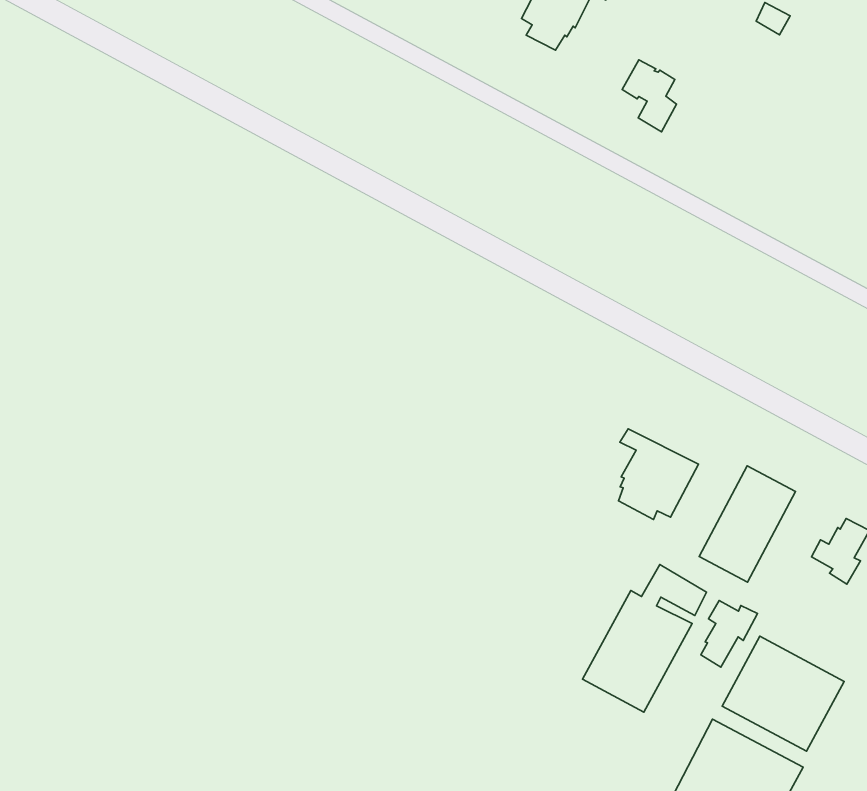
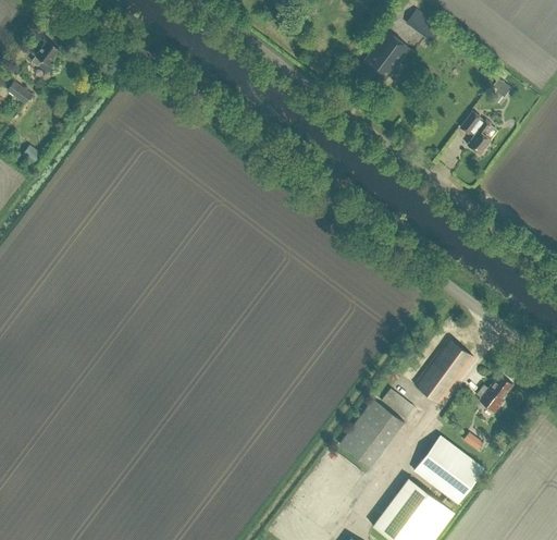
building: [622,60,677,132] -> [460,113,491,156]
building: [618,429,699,519] -> none
building: [701,600,757,667] -> none

